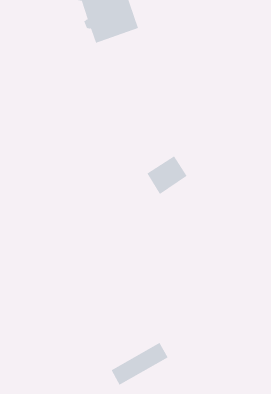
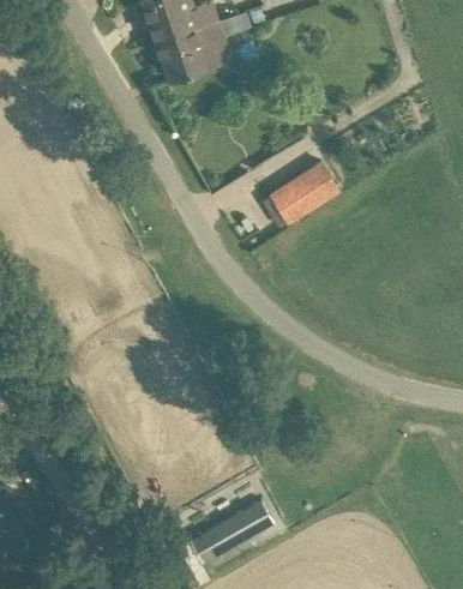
building: [147,156,187,195] -> [270,169,327,224]

